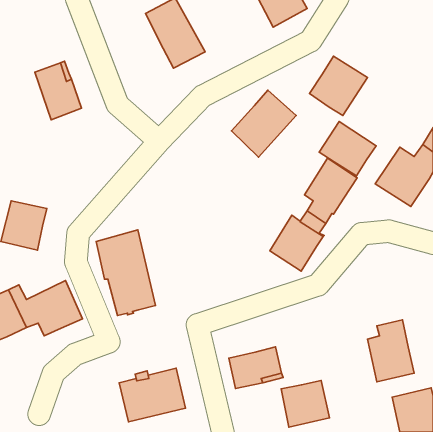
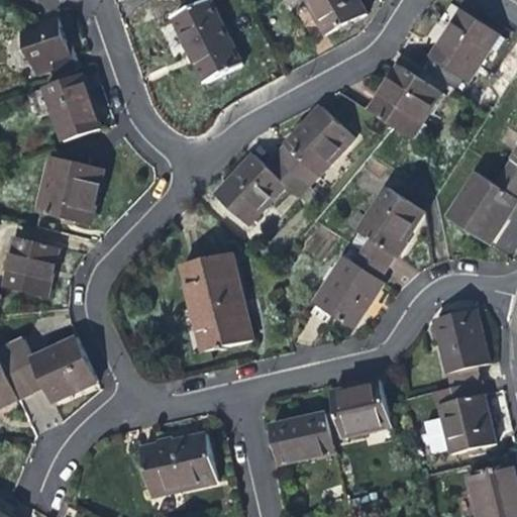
building: none -> [422,10,504,93]
building: none -> [18,12,78,77]
building: [319,121,376,176] -> none
building: none -> [215,156,307,224]
building: none -> [36,169,95,222]
building: [96,230,156,316] -> [183,249,253,351]
building: none -> [433,308,486,387]
building: [281,380,330,427] -> [333,379,391,434]

